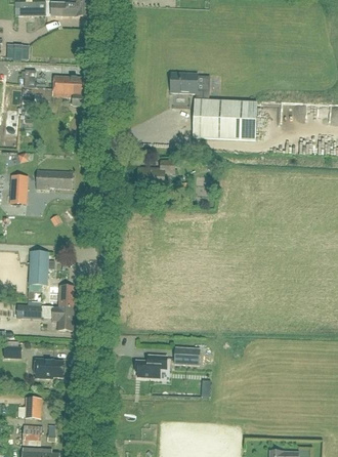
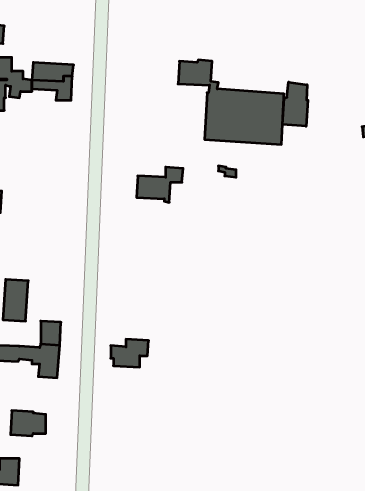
building: none -> [283,82,308,126]
building: [37,170,73,189] -> none
building: [174,347,200,365] -> none
building: [136,355,167,377] -> [111,339,149,367]

